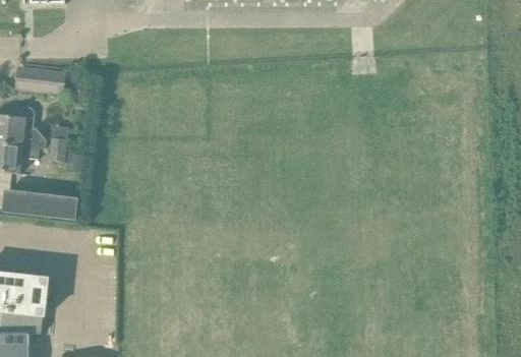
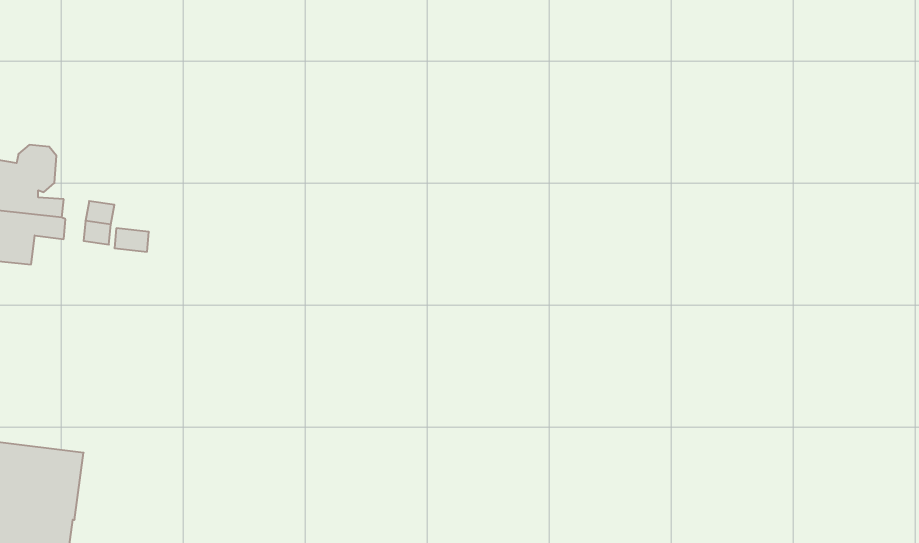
building: [13,64,64,94] -> none
building: [7,189,78,220] -> none

